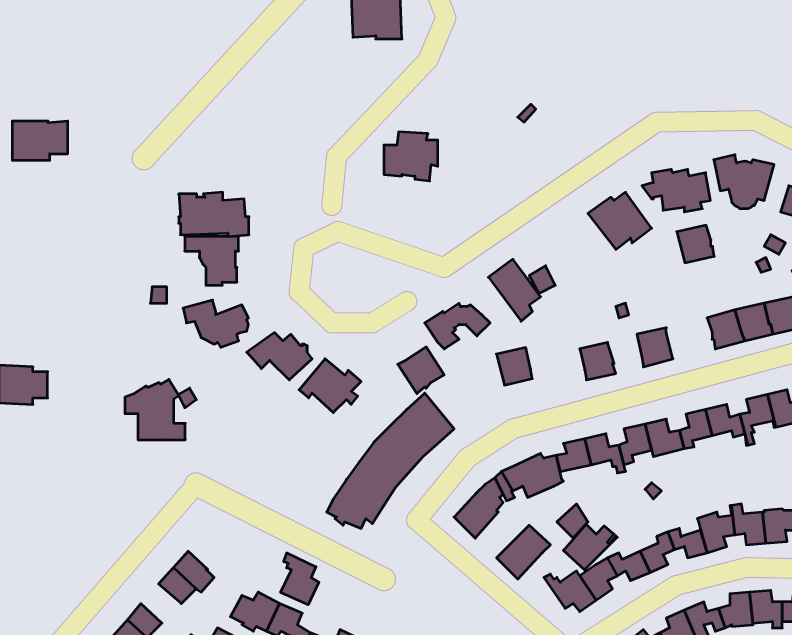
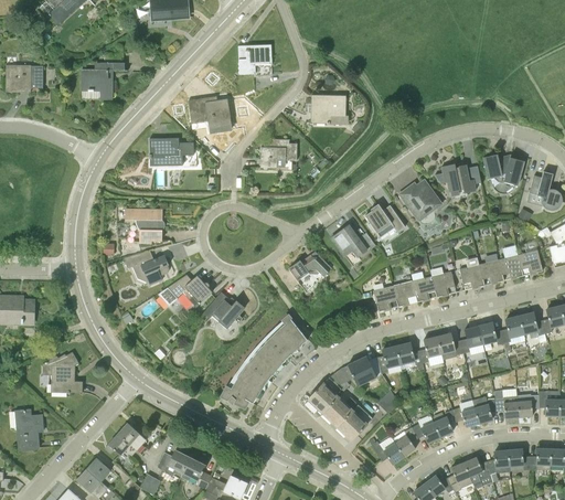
building: none -> [81,62,125,98]
building: none -> [311,94,347,124]
building: none -> [188,97,232,130]
building: [12,121,68,160] -> [6,65,43,92]
building: [179,192,249,236] -> [149,137,196,167]
building: [677,225,714,263] -> [459,264,484,289]
building: none -> [365,203,405,243]
building: none -> [412,275,436,301]
building: [398,347,444,394] -> none
building: [496,348,532,385] -> [373,285,397,310]
building: [125,379,185,440] -> [42,351,83,392]
building: [563,524,617,570] -> [322,395,359,426]
building: none -> [15,408,43,449]
building: [281,553,319,605] -> none

